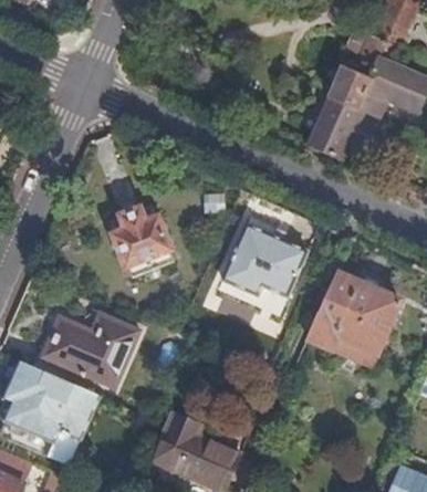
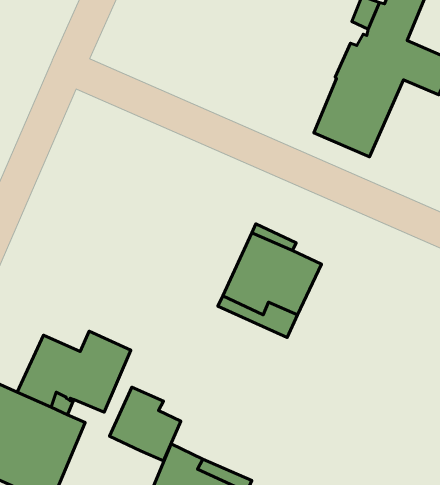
building: [112,207,173,276] -> none
building: [309,272,400,365] -> none
building: none -> [110,387,181,461]

